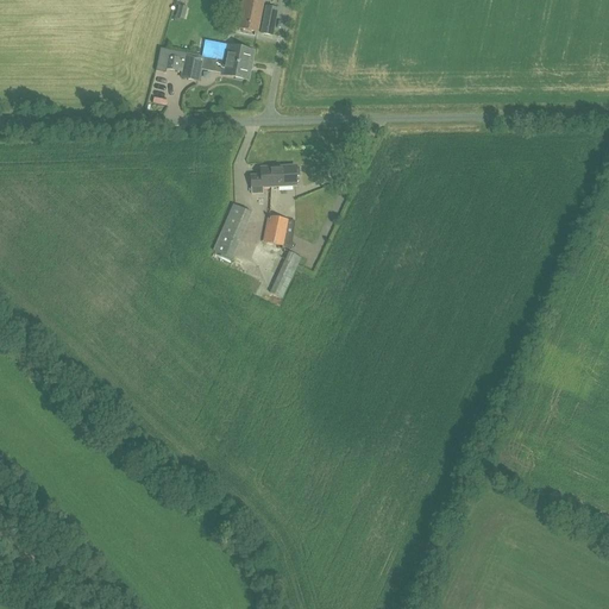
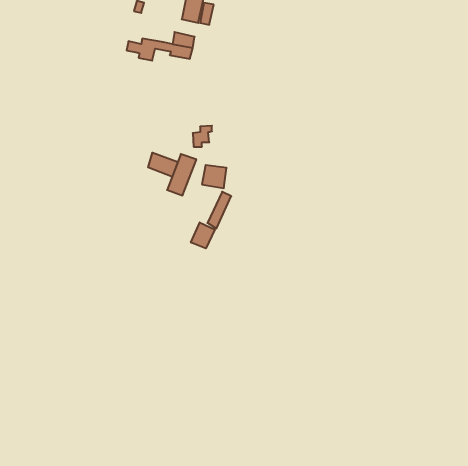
building: [270,162,299,184] -> none
building: none -> [148,153,178,177]
building: none -> [191,222,215,248]

